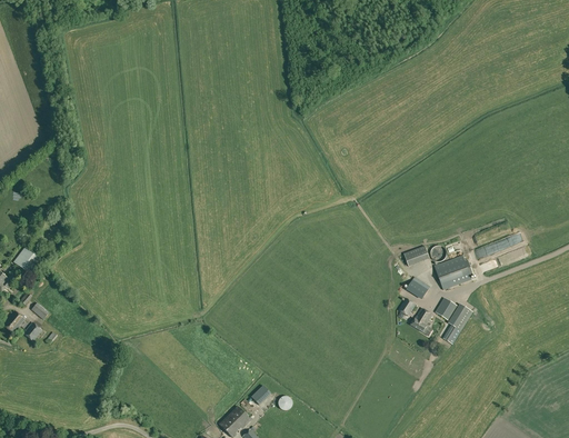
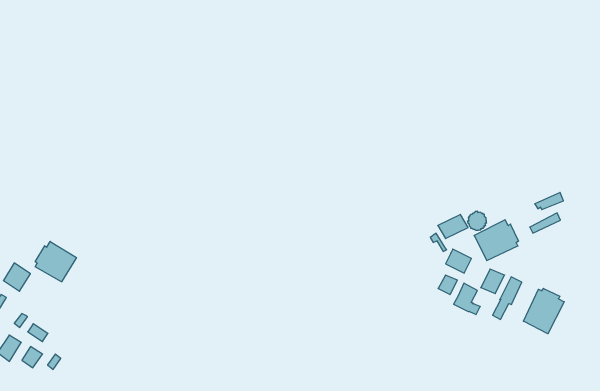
building: none -> [35,241,76,282]
building: none -> [523,288,564,334]

